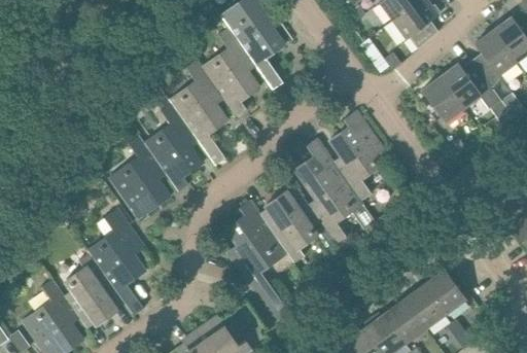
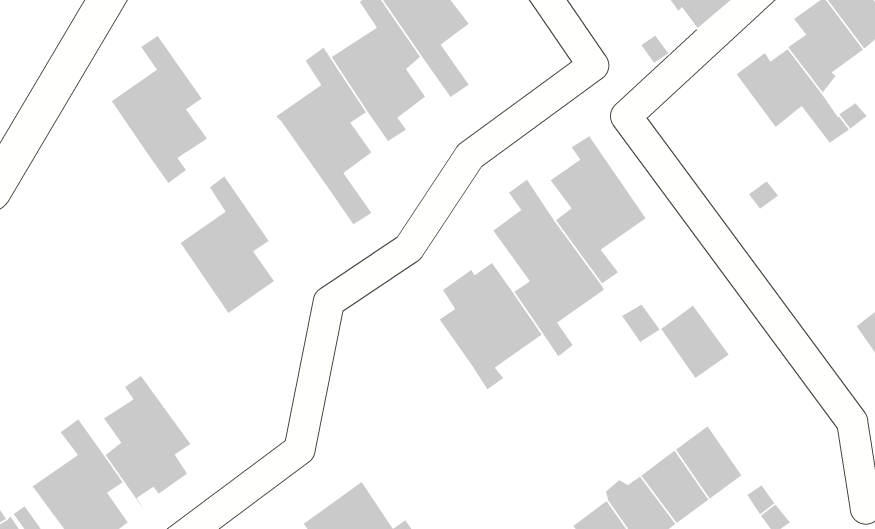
building: [421,76,464,122] -> none
building: [138,104,201,192] -> [102,35,208,184]
building: [217,201,289,322] -> none
building: [86,210,153,316] -> none
building: [424,270,465,314] -> [660,304,730,379]

